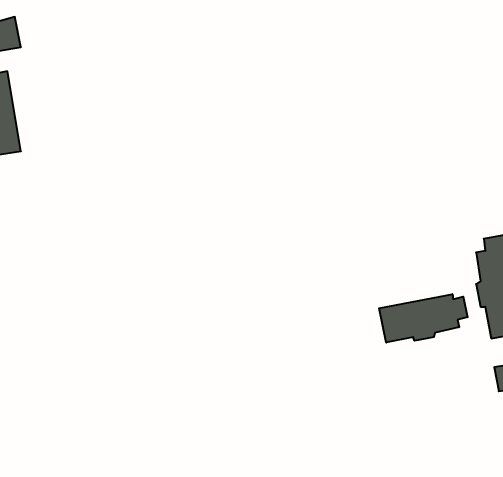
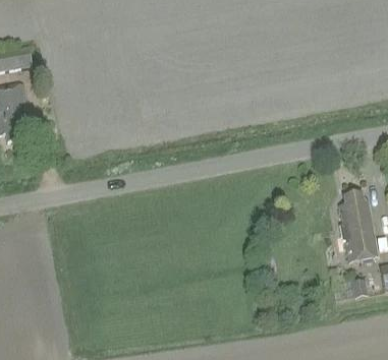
building: [379,294,468,343] -> none

